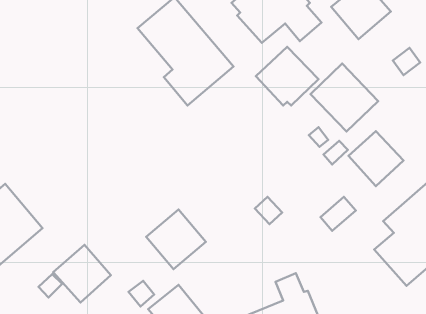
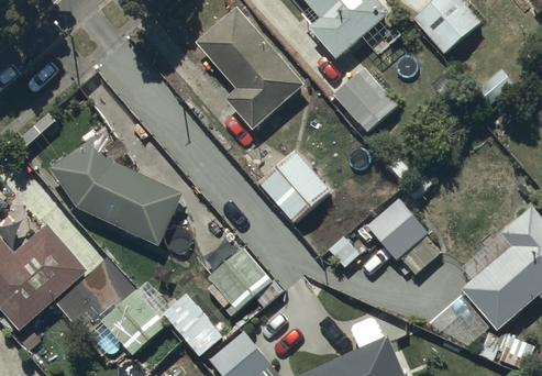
building: [310,64,378,132] -> none
building: none -> [49,136,182,247]
building: none -> [258,151,330,223]
building: [349,131,403,186] -> [367,195,429,256]
building: none -> [76,253,136,313]

